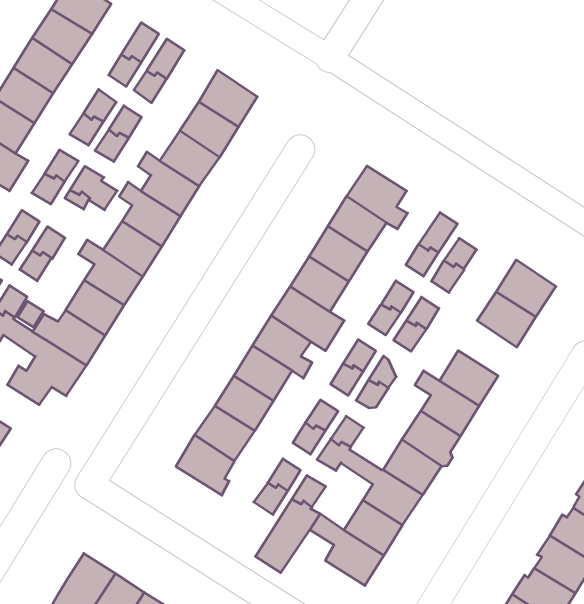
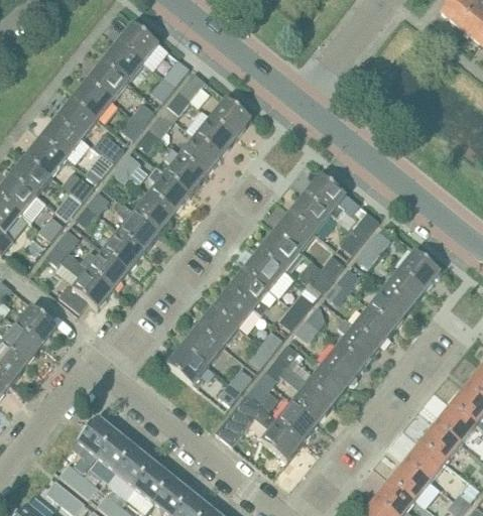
building: none -> [368,288,408,328]

